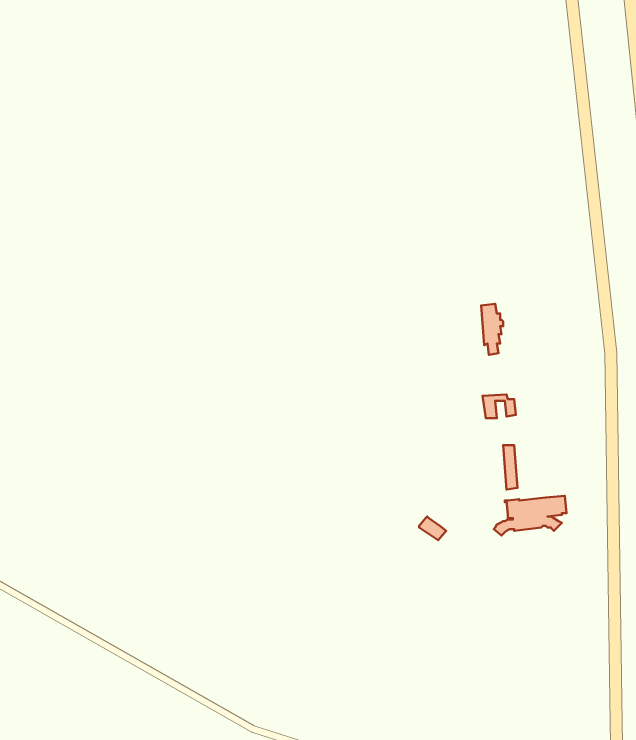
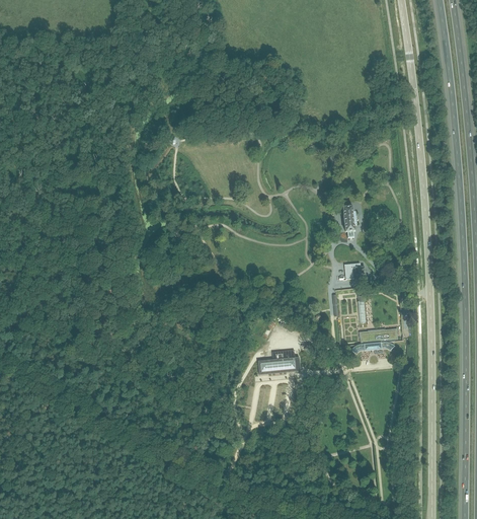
building: none -> [257,350,299,375]

